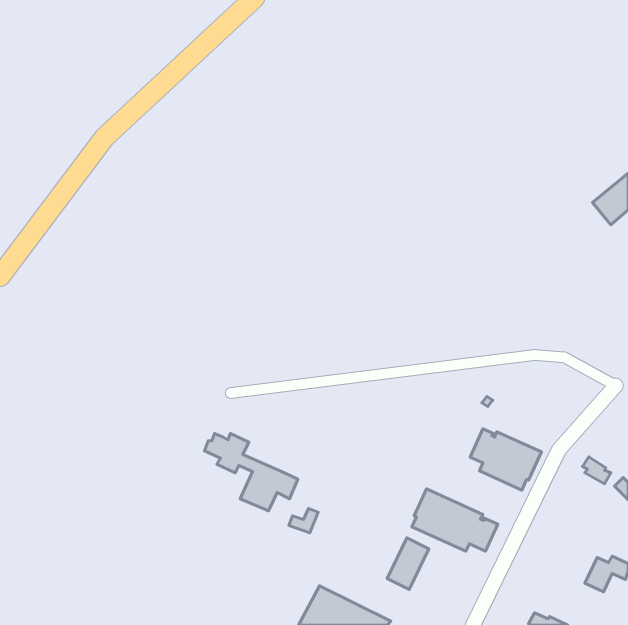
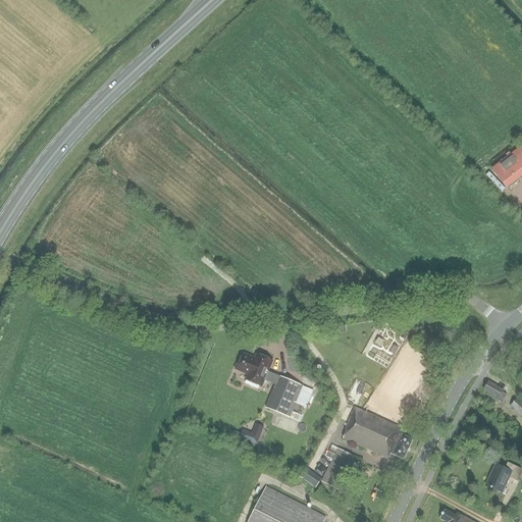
building: [470,429,541,490] -> none
building: [205,434,298,511] -> [236,352,313,416]

